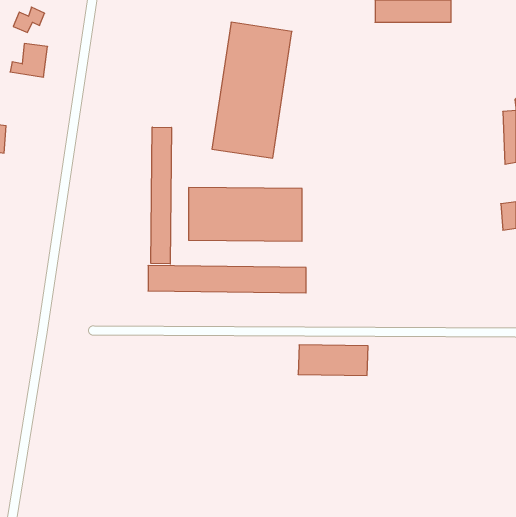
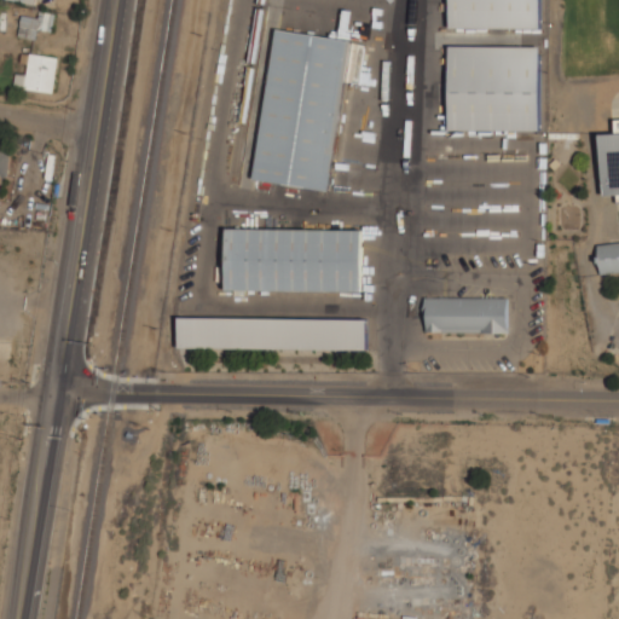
building: none -> [447,47,537,129]
building: [151,127,171,264] -> none
building: [298,345,368,375] -> [423,297,507,334]

